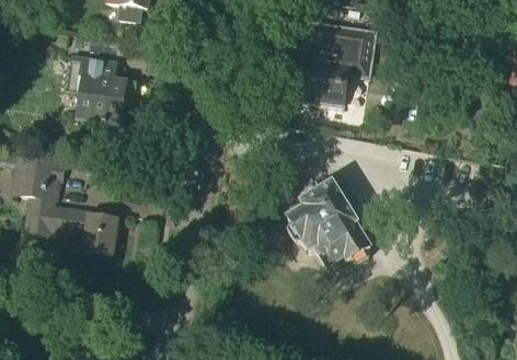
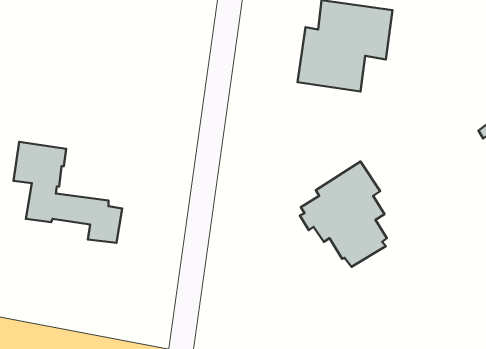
building: [68,56,136,126] -> none

